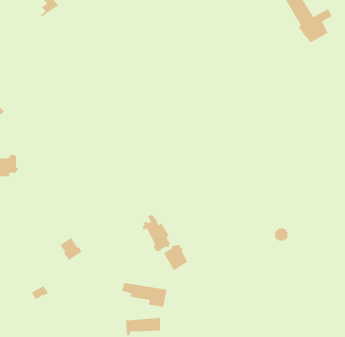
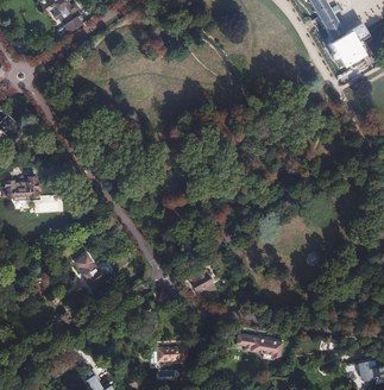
building: [141,214,171,253] -> none
building: [121,282,167,308] -> [237,335,284,361]

